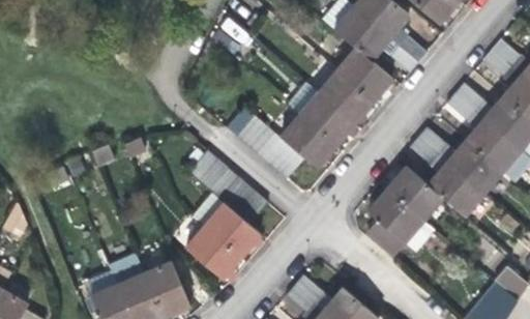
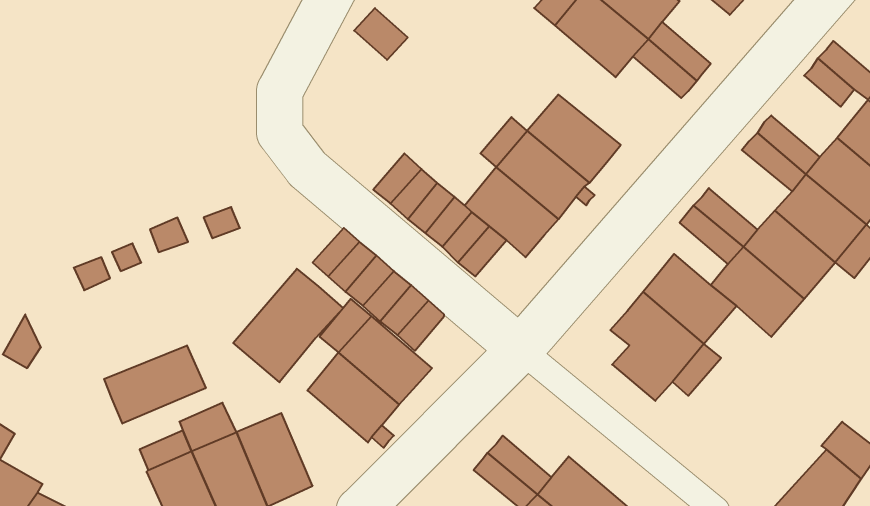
building: [336,48,392,100] -> none
building: none -> [233,269,343,382]
building: none -> [104,345,206,424]

